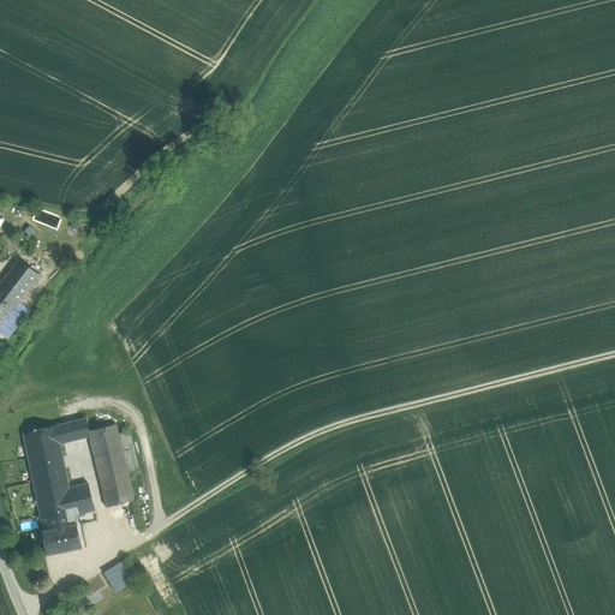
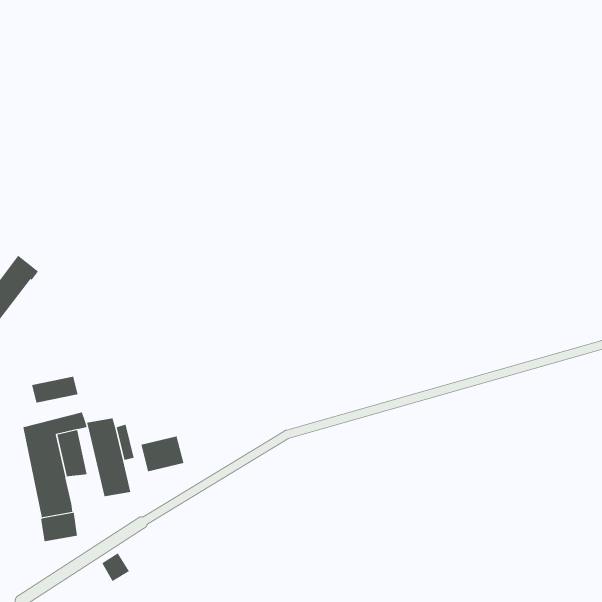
building: none -> [32,376,78,403]
building: none -> [141,435,184,472]
building: [67,484,94,514] -> none

